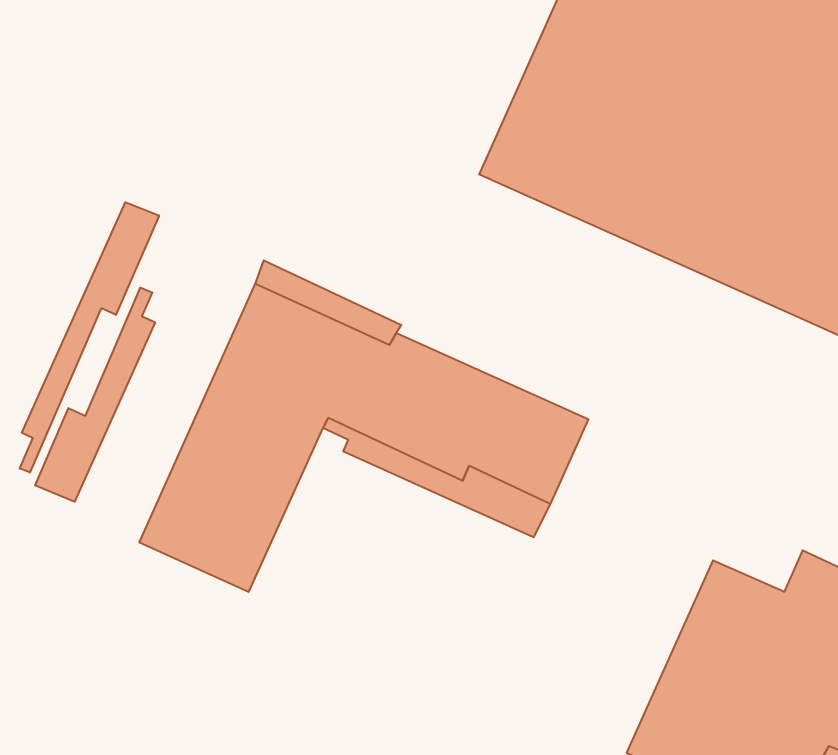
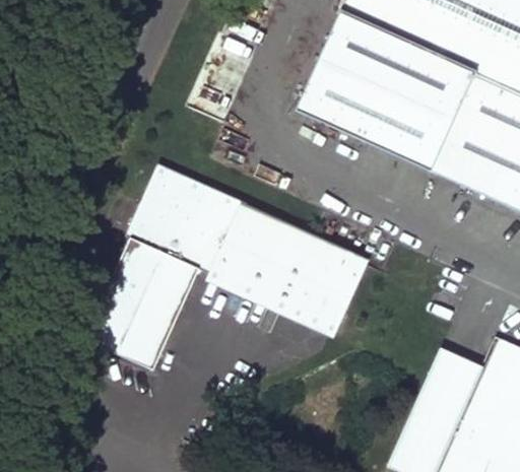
building: [20,202,159,473] -> none
building: [35,288,155,502] -> none

